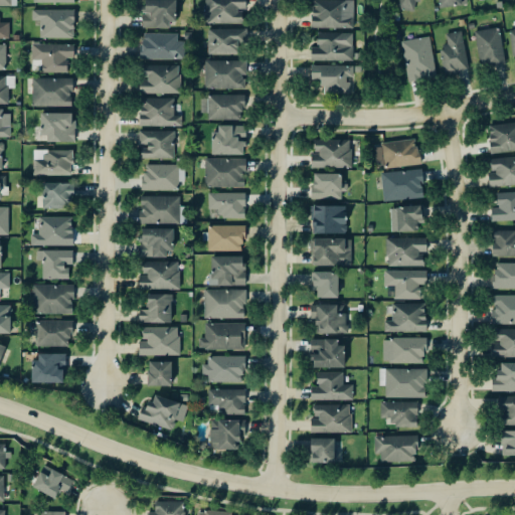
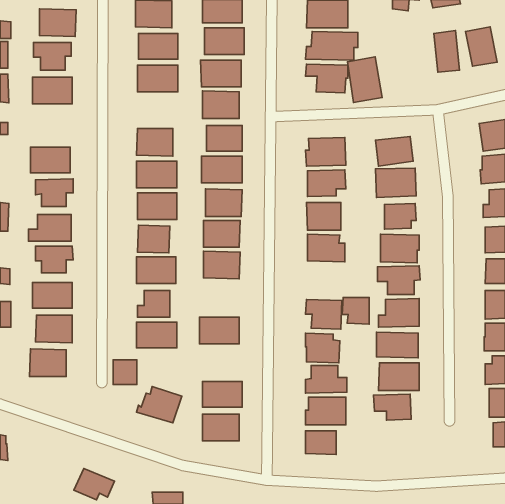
building: [402,36,438,82] -> [347,57,382,102]
building: [139,99,179,126] -> none
building: [40,114,77,142] -> none
building: [312,273,339,300] -> [342,298,369,324]
building: [203,291,243,318] -> none
building: [206,355,243,383] -> none
building: [148,362,172,387] -> [113,360,137,384]
building: [375,436,417,463] -> none
building: [33,466,74,498] -> [74,468,114,500]

